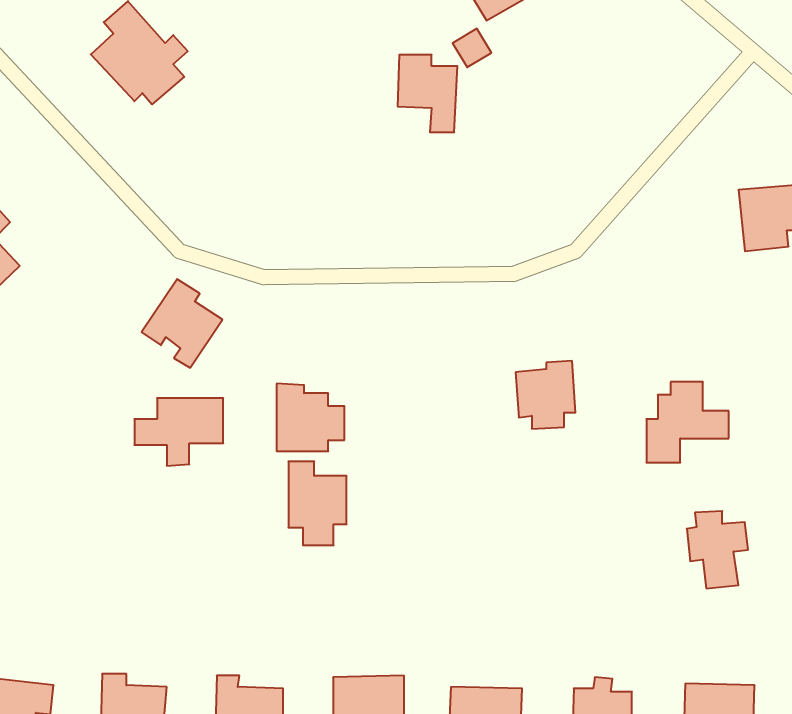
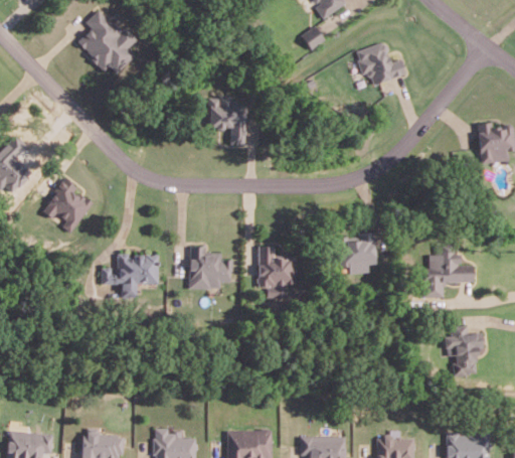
building: none -> [355,41,404,83]
building: [398,55,457,132] -> [208,96,245,144]
building: [142,279,222,368] -> [41,177,92,233]
building: [288,461,347,545] -> [260,247,296,299]

